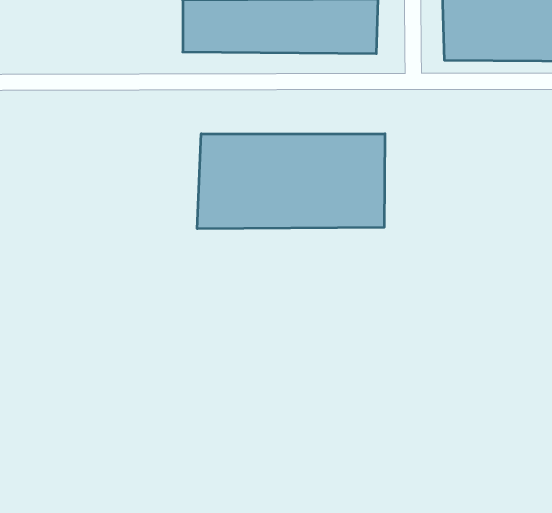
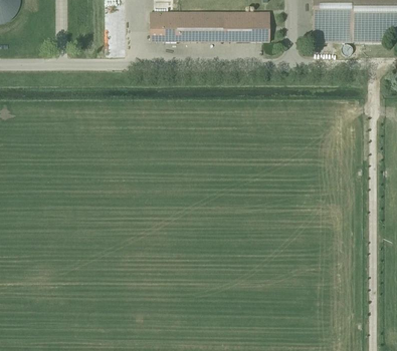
building: [197,134,385,229] -> none

